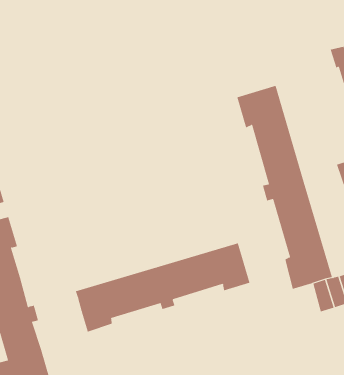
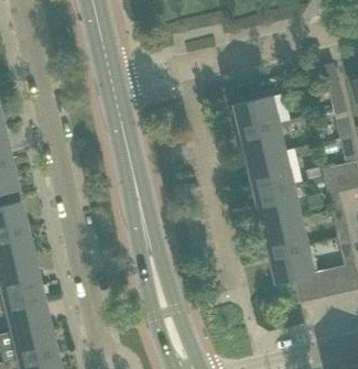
building: [75,243,250,332] -> none

